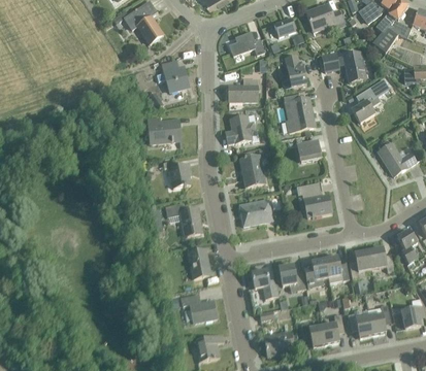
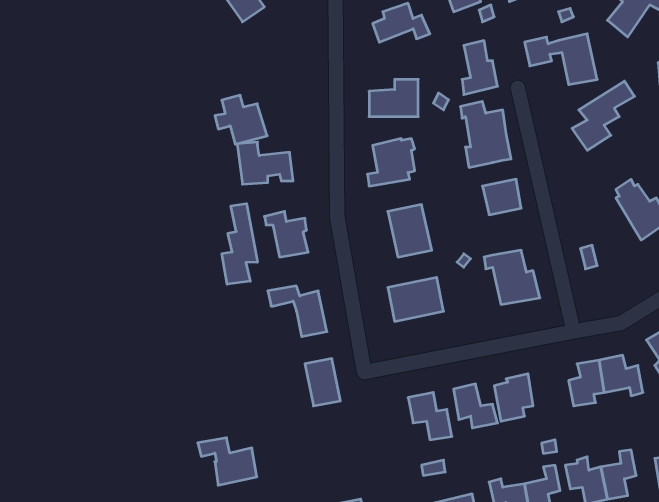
building: [157,61,189,91] -> [215,95,267,144]
building: none -> [222,204,257,284]
building: [324,256,349,282] -> none
building: [181,294,217,323] -> [198,438,257,485]

